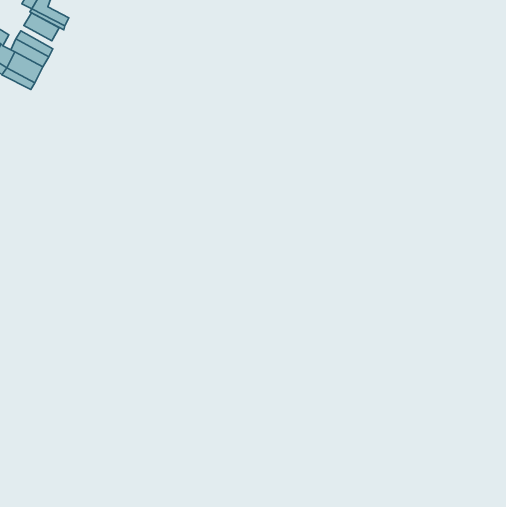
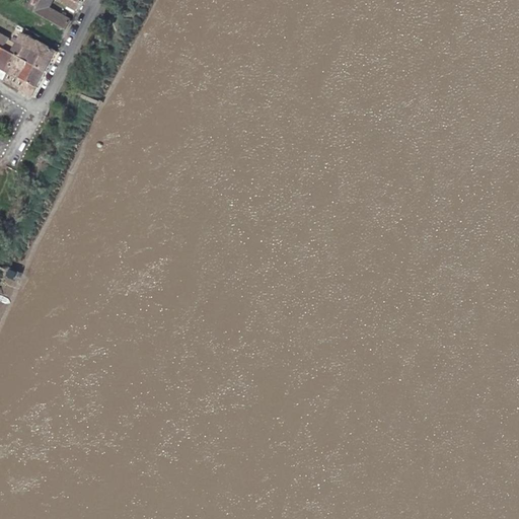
building: [24,13,59,41] -> none

